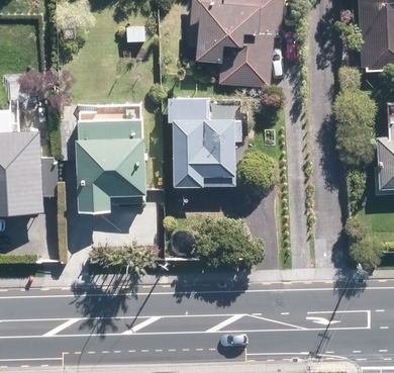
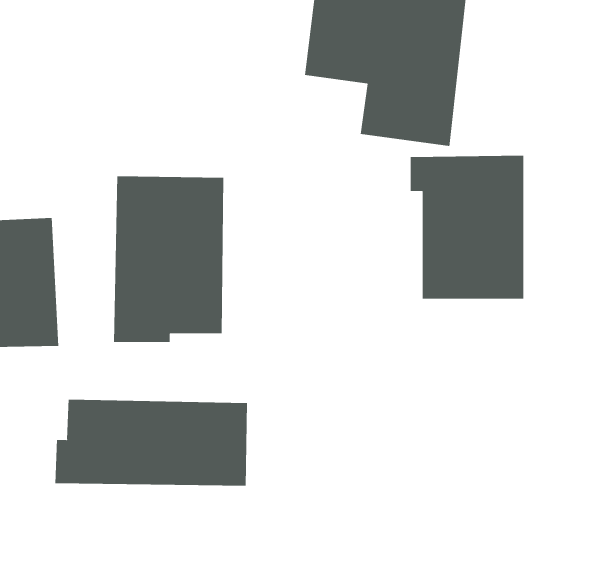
building: [166,101,232,185] -> [410,155,524,299]
building: none -> [55,399,248,486]

